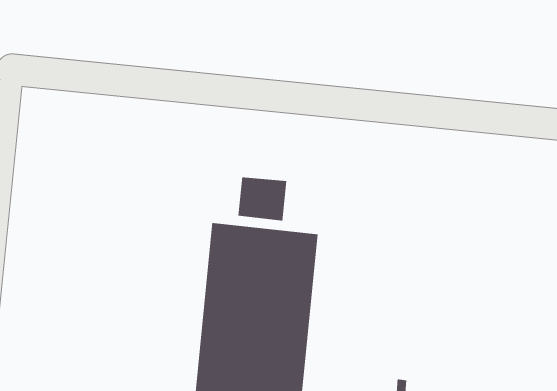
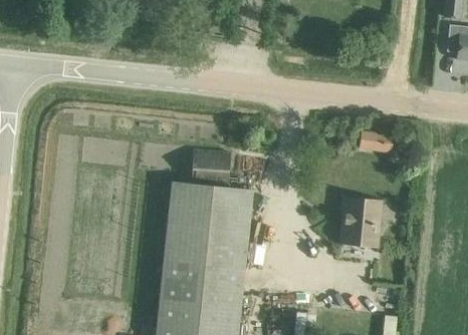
building: none -> [359,130,393,151]
building: none -> [341,197,382,248]

